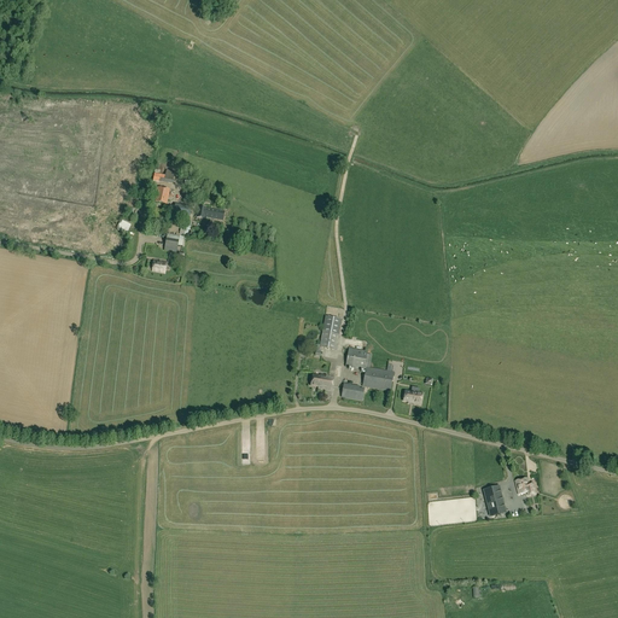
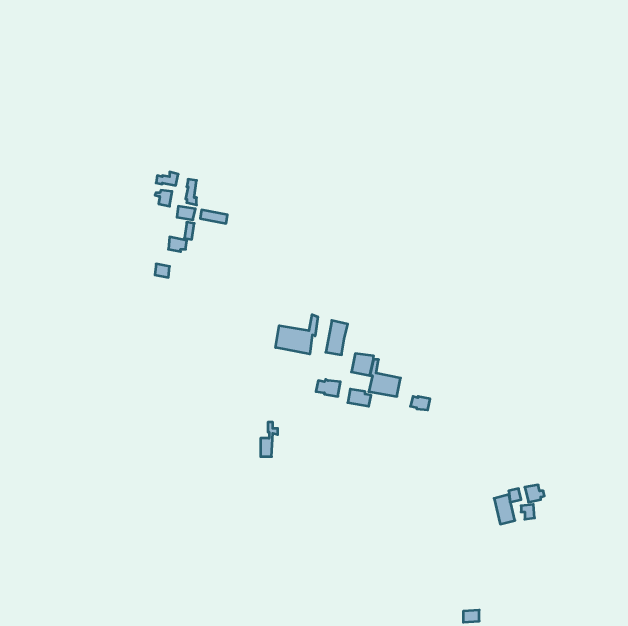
building: none -> [276,315,318,354]

